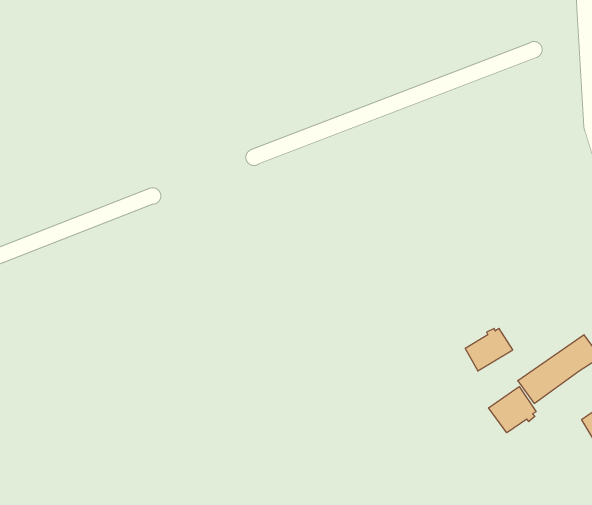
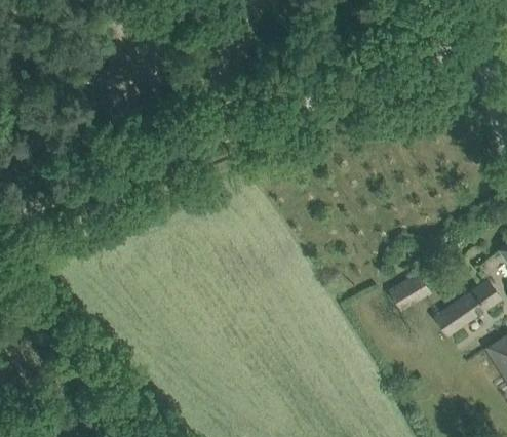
building: [489,387,536,433] -> none

